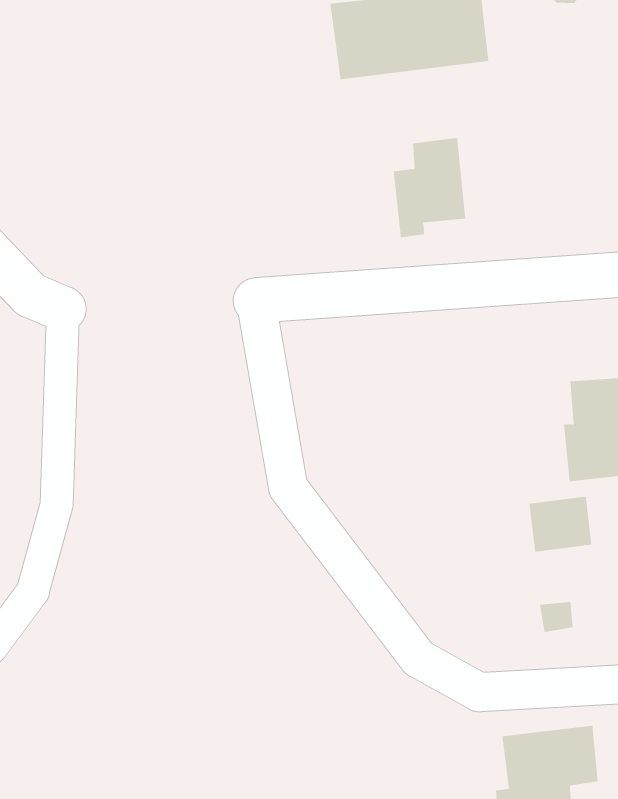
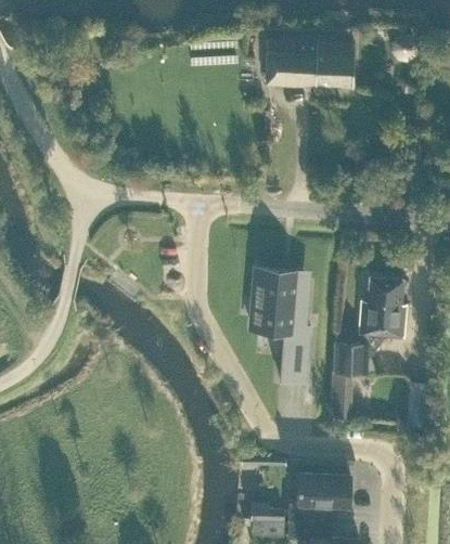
building: [393,137,466,238] -> none
building: none -> [253,270,311,384]

